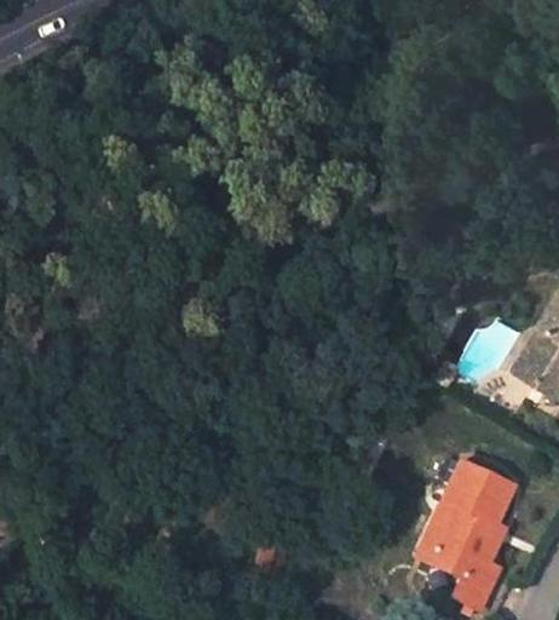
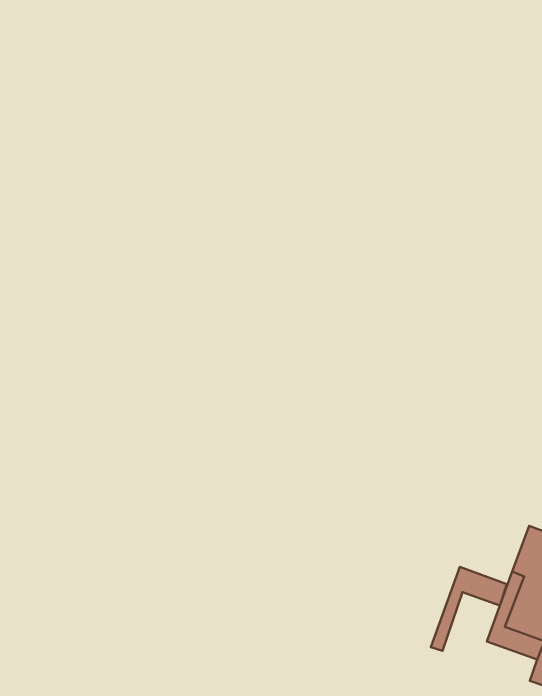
building: none -> [431,567,507,651]

